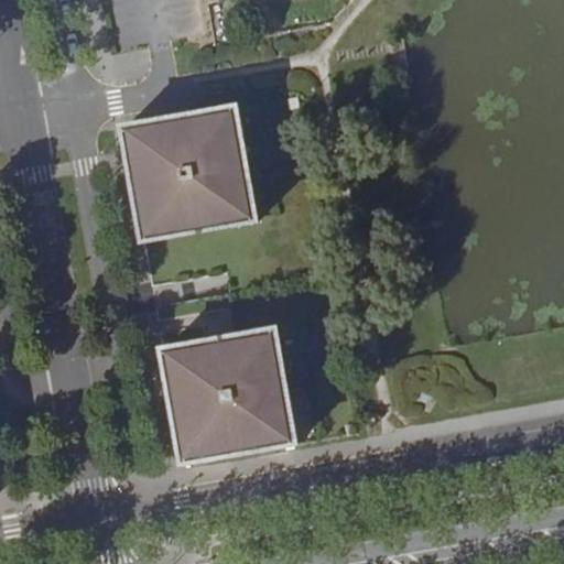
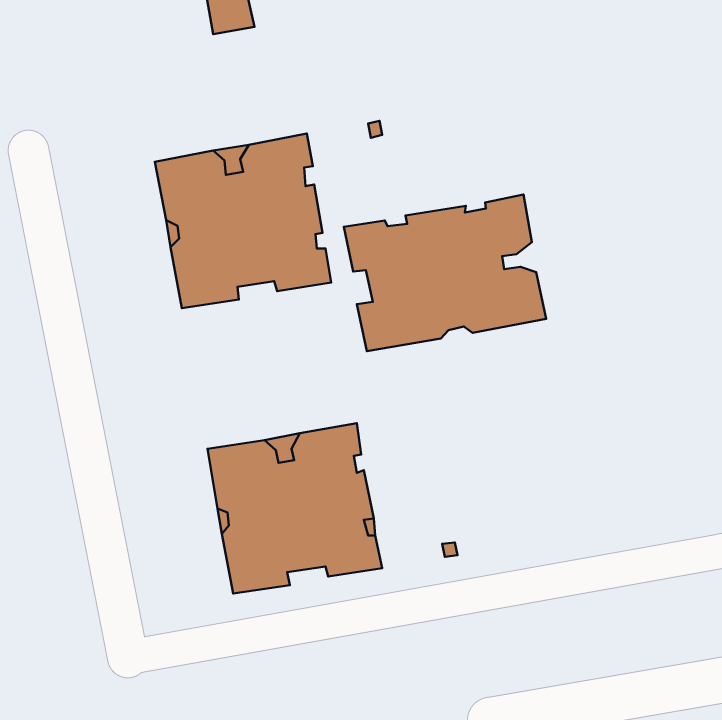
building: none -> [344,195,546,351]

